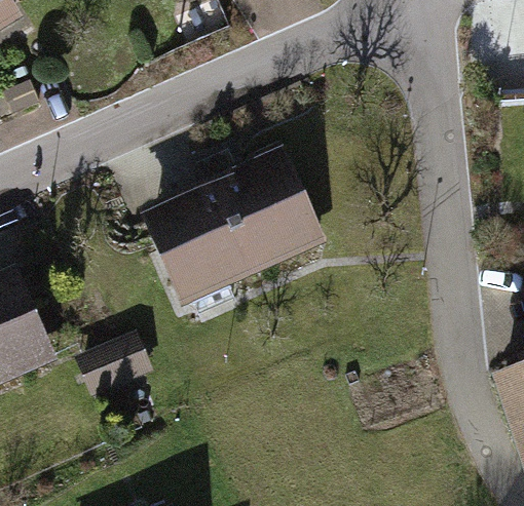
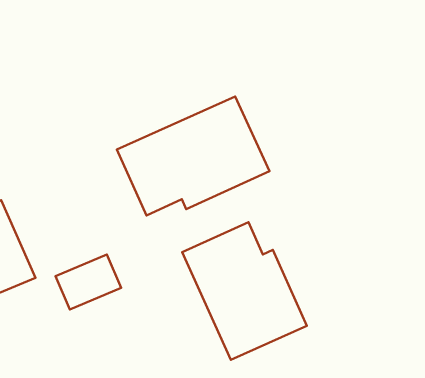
building: none -> [182,222,307,360]

